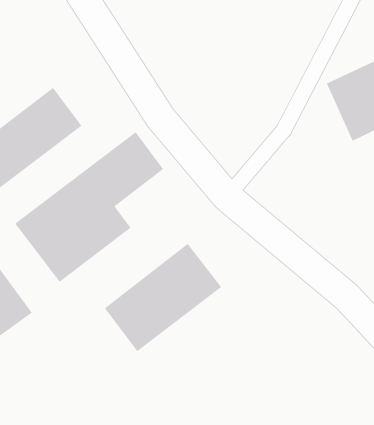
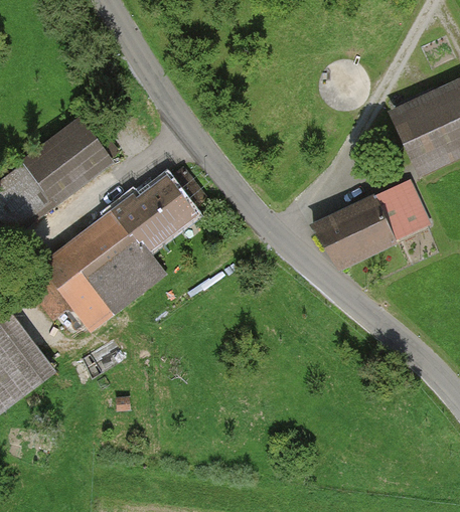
building: none -> [312,179,431,273]
building: [104,243,222,352] -> none

